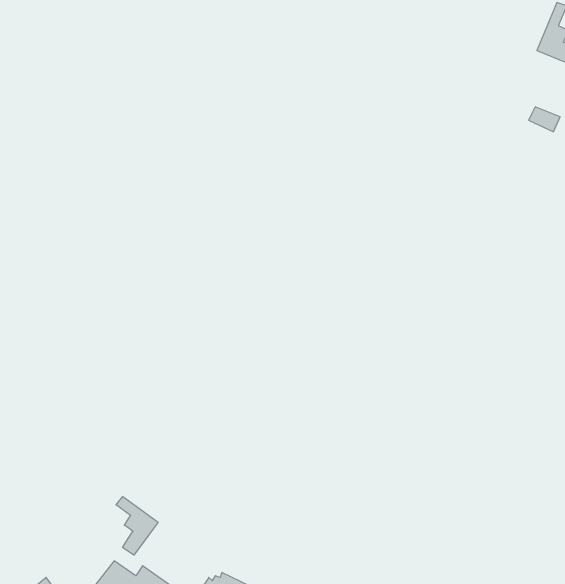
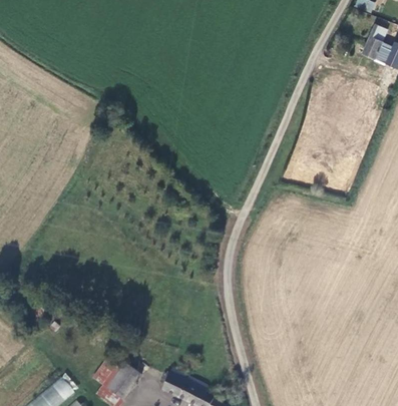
building: [116,497,158,555] -> none

